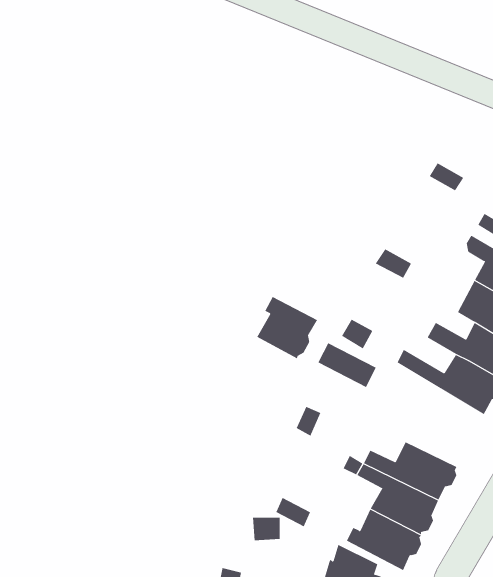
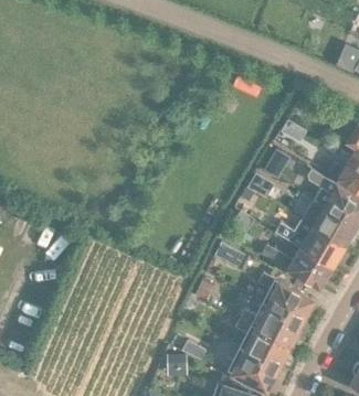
building: [257,296,318,359] -> none
building: none -> [257,274,312,322]

